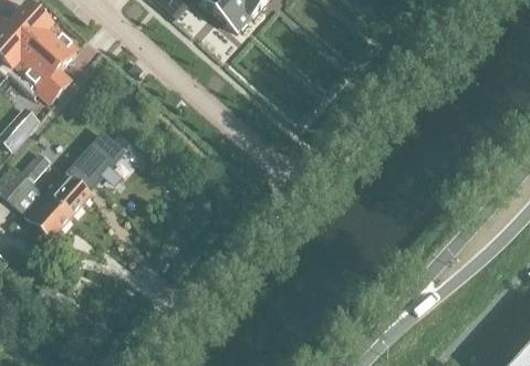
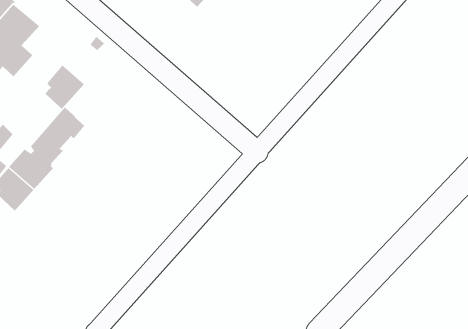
building: none -> [45,64,85,109]

